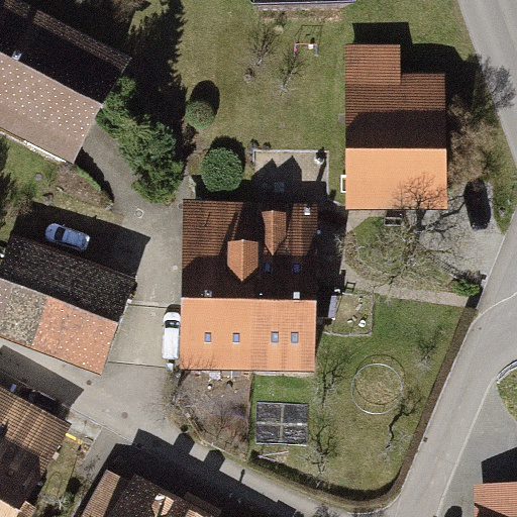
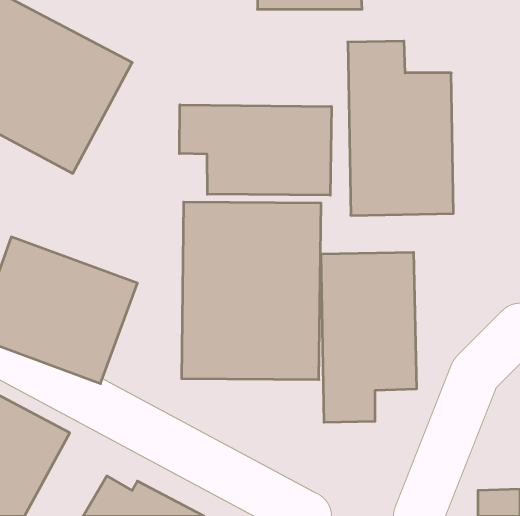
building: none -> [179,105,331,195]
building: none -> [321,252,416,422]

